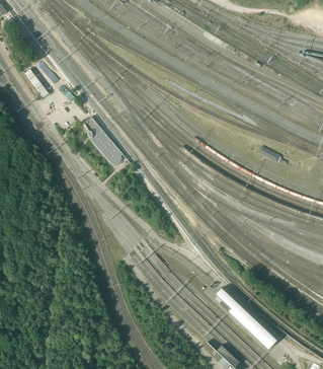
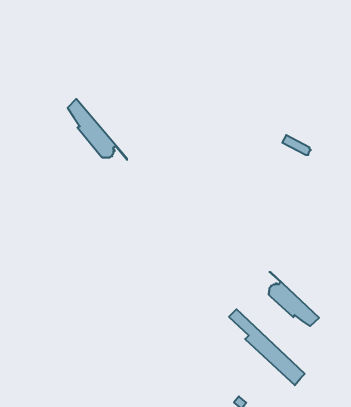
building: none -> [269,272,319,326]

